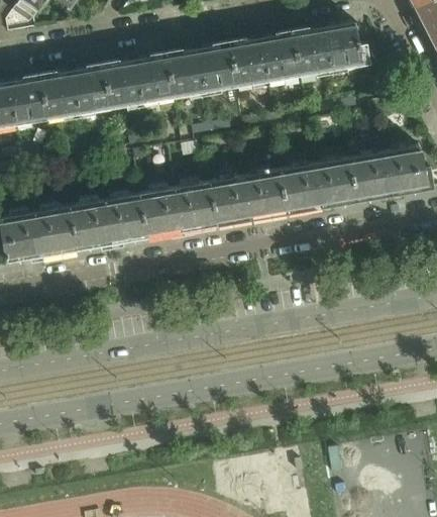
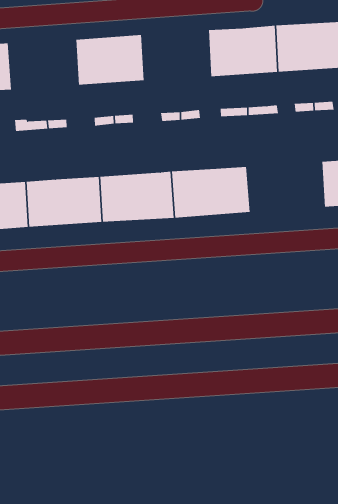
building: [166,43,235,98] -> none
building: [39,66,110,120] -> none
building: [279,158,356,213] -> none

